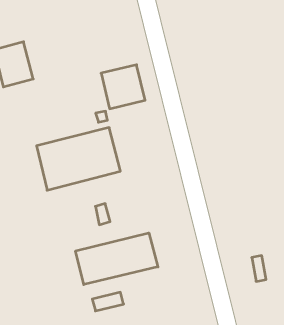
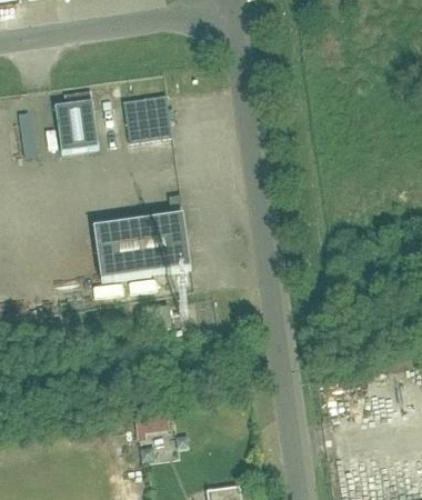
building: [101,65,145,109] -> [121,91,170,140]
building: [76,233,158,285] -> none

